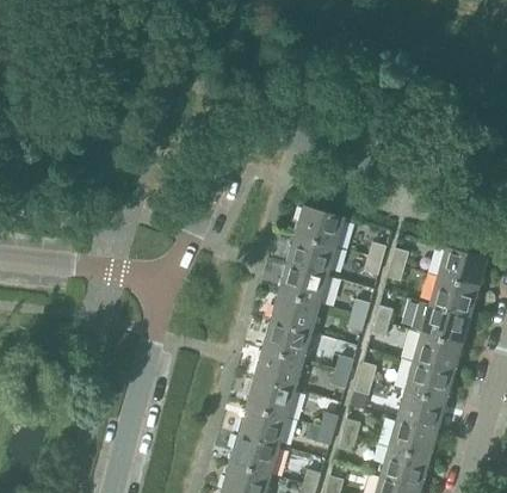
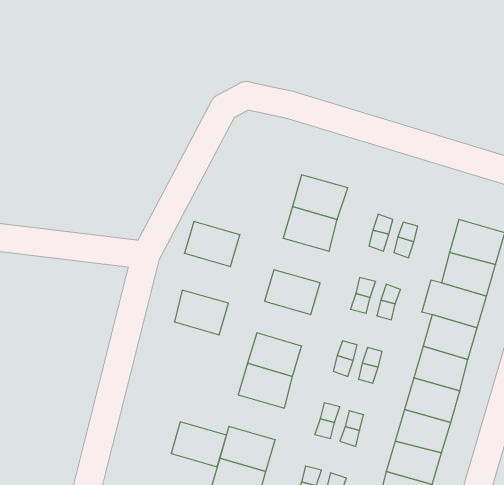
building: [277,264,327,304] -> [184,222,240,266]
building: [261,321,310,362] -> [174,290,228,335]
building: [236,406,286,446] -> [171,422,227,467]

